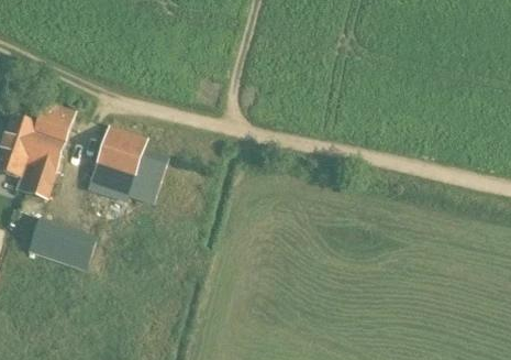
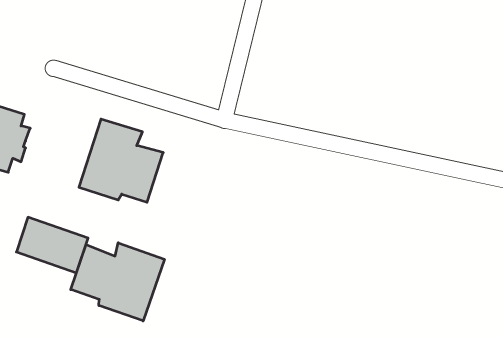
building: [23,100,75,197] -> none
building: none -> [71,243,164,321]

